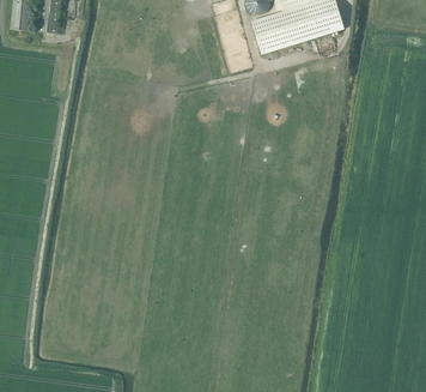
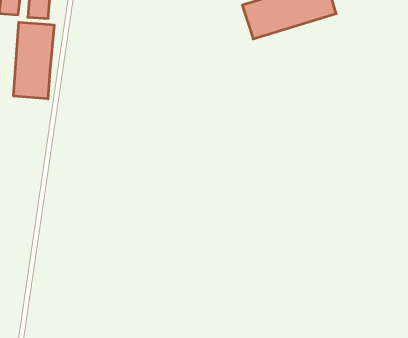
building: none -> [14,22,54,99]

